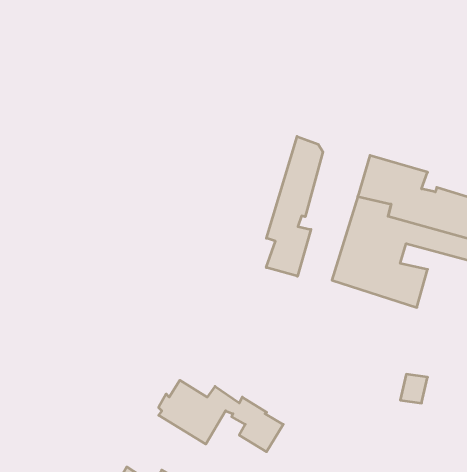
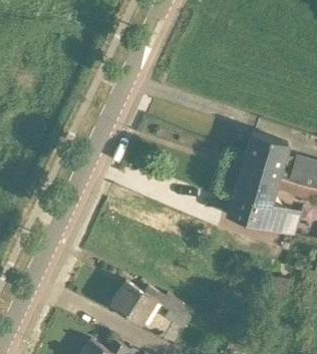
building: [266,136,323,276] -> none

